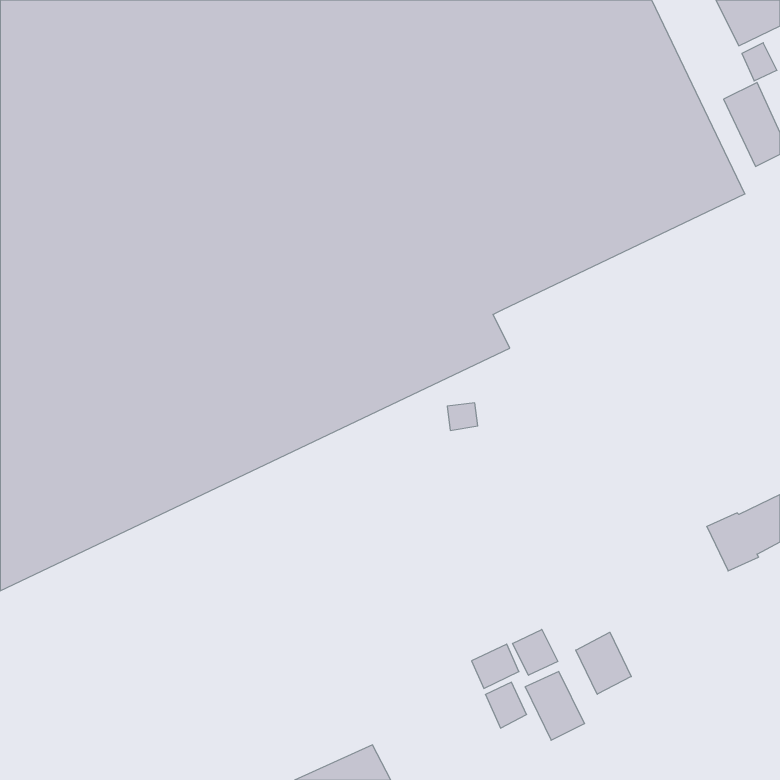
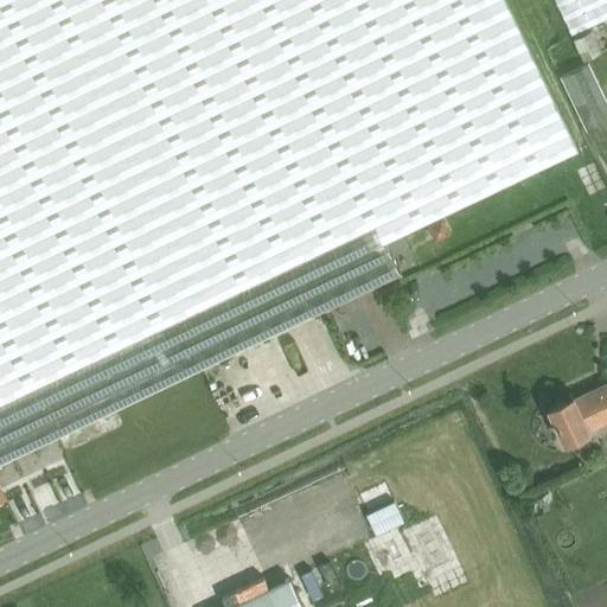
building: [513,629,558,675] -> none
building: [576,632,631,694] -> none

